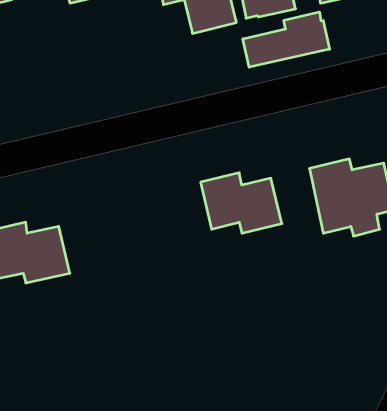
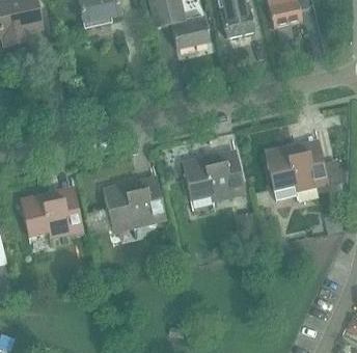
building: [243,12,330,67] -> none
building: none -> [104,181,166,232]

